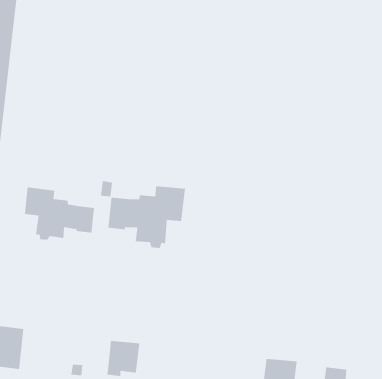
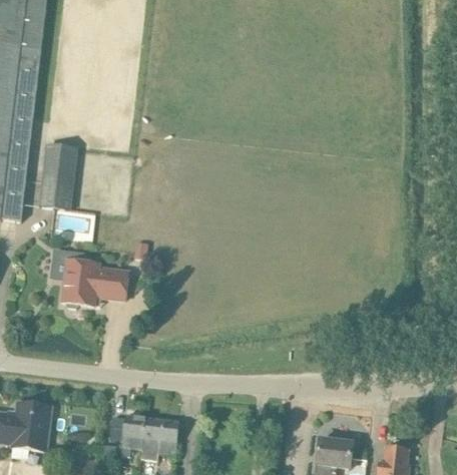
building: none -> [38,149,75,208]
building: [108,186,185,249] -> none
building: none -> [120,416,144,454]

